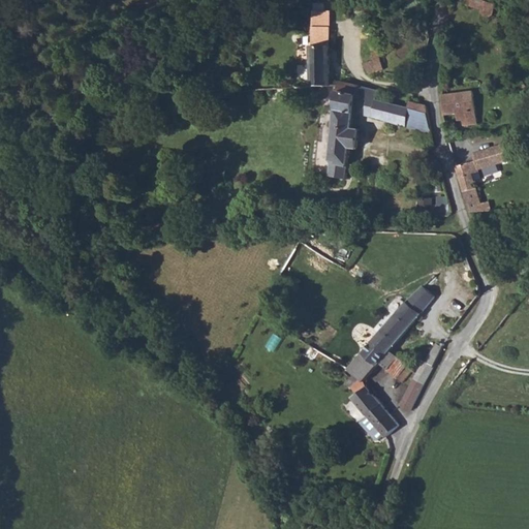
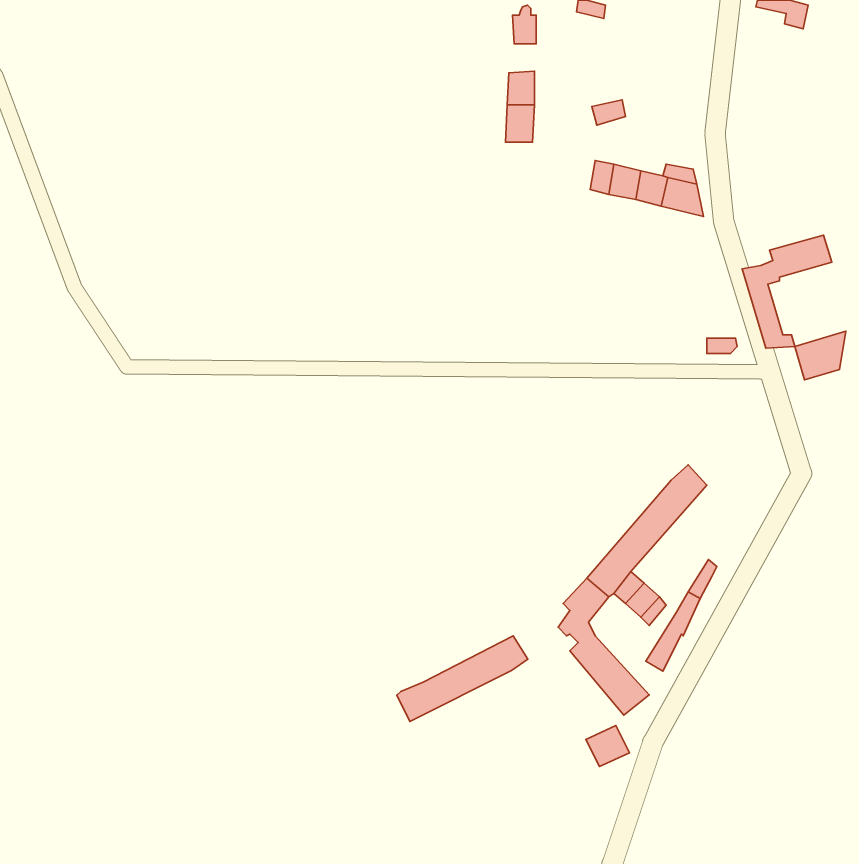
building: [324,84,359,179] -> none
building: [440,92,475,125] -> none
building: none -> [795,331,846,380]
building: none -> [397,636,528,722]
building: none -> [586,726,629,767]

